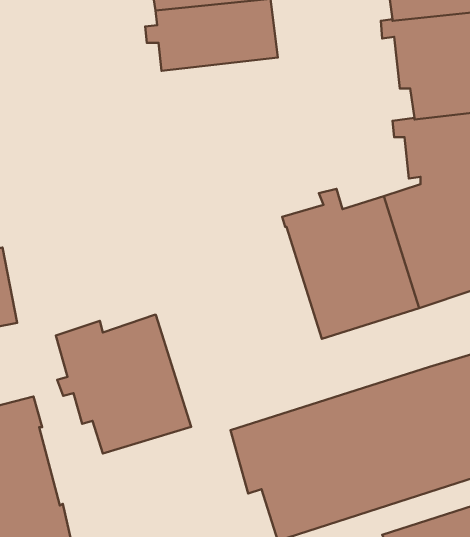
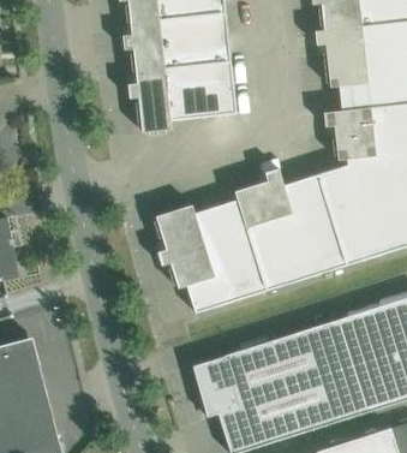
building: none -> [127,61,235,132]
building: [56,315,191,453] -> [156,199,267,312]

